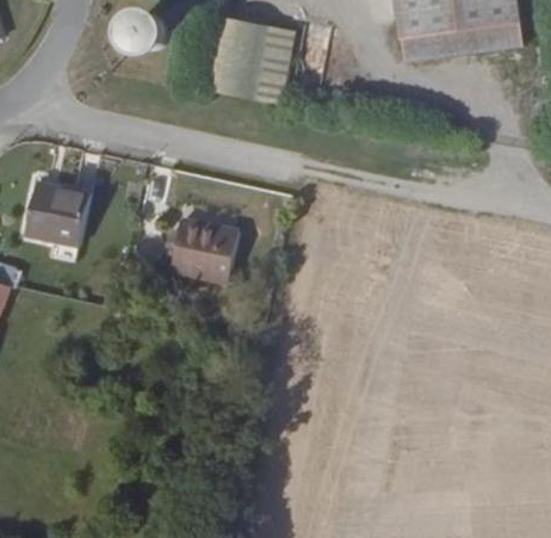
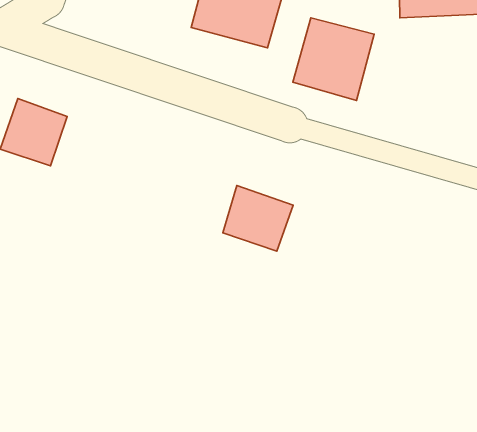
building: none -> [293,18,374,101]
building: [168,219,236,282] -> [223,185,293,251]

